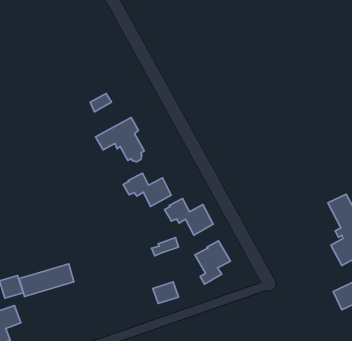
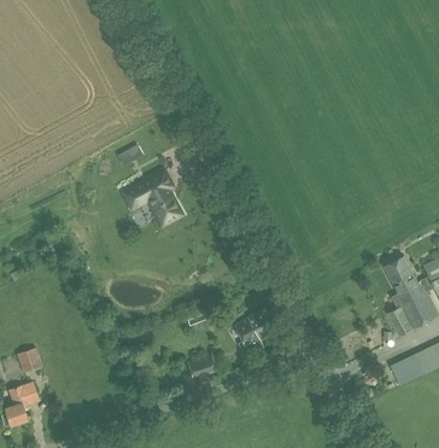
building: [123,173,171,206] -> none
building: [165,198,213,235] -> none
building: [19,264,74,296] -> none

